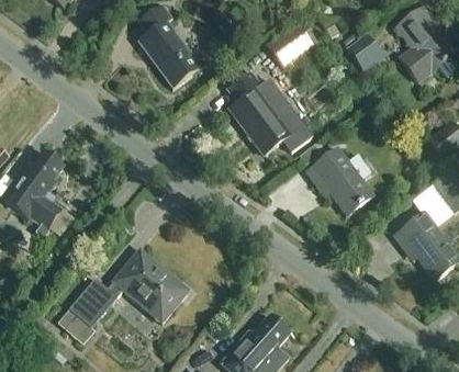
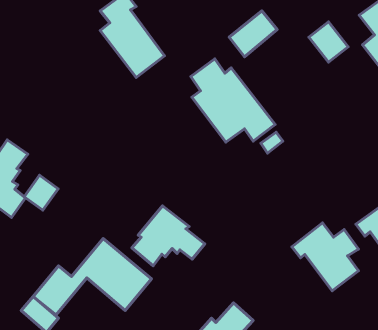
building: [306,147,373,215] -> [292,223,359,291]
building: none -> [24,175,58,210]
building: none -> [132,206,205,266]

